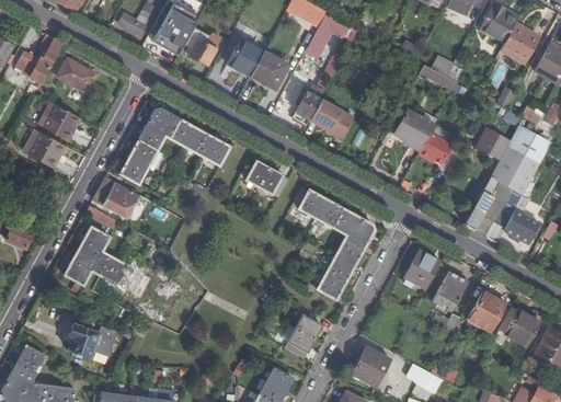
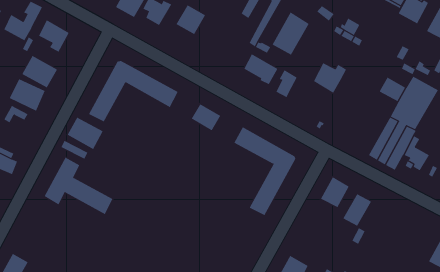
building: none -> [272,12,309,55]
building: [250,51,288,87] -> none
building: [293,89,320,124] -> [275,69,298,98]
building: [417,130,454,164] -> none
building: [468,290,512,334] -> none
building: [504,310,539,345] -> none
building: [288,314,322,351] -> none
building: [68,322,116,356] -> none

